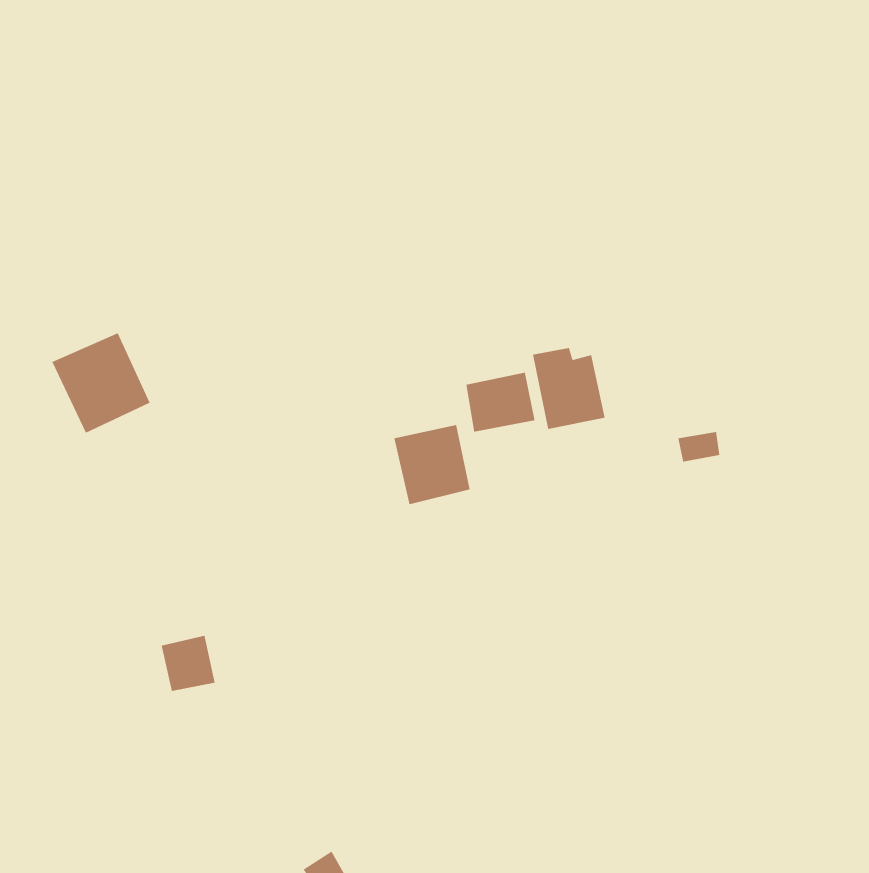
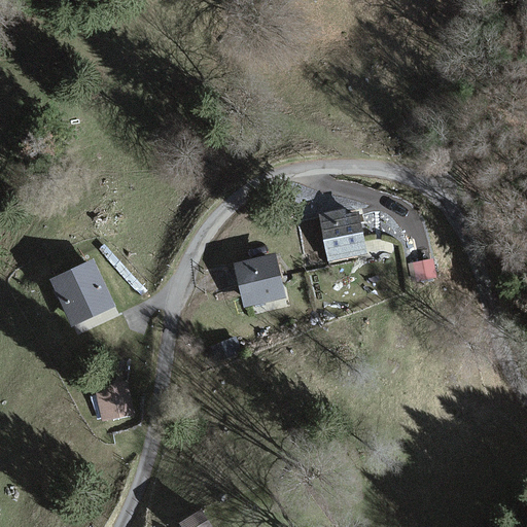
building: [51,333,151,434] -> [51,262,111,323]
building: [466,372,535,432] -> none

